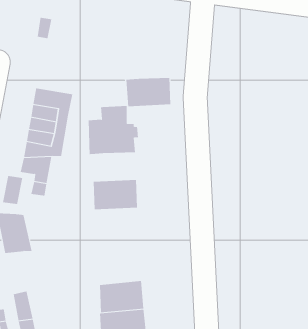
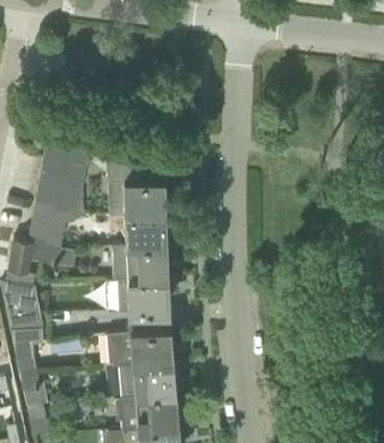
building: [125,78,171,107] -> [112,216,164,250]
building: none -> [108,280,167,315]
building: none -> [12,330,38,379]
building: none -> [108,331,170,370]

